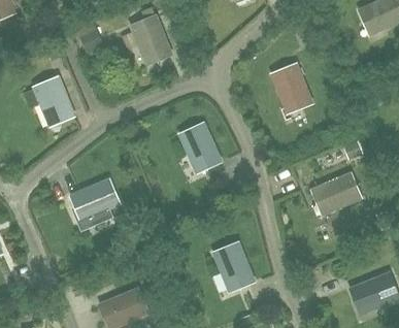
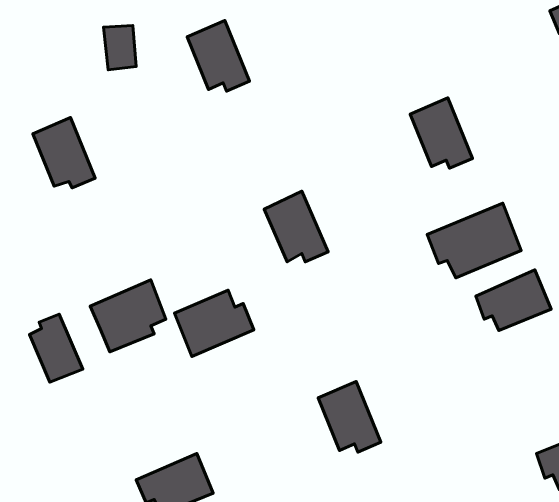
building: none -> [427,203,521,278]
building: none -> [174,290,254,356]
building: none -> [30,314,83,382]

